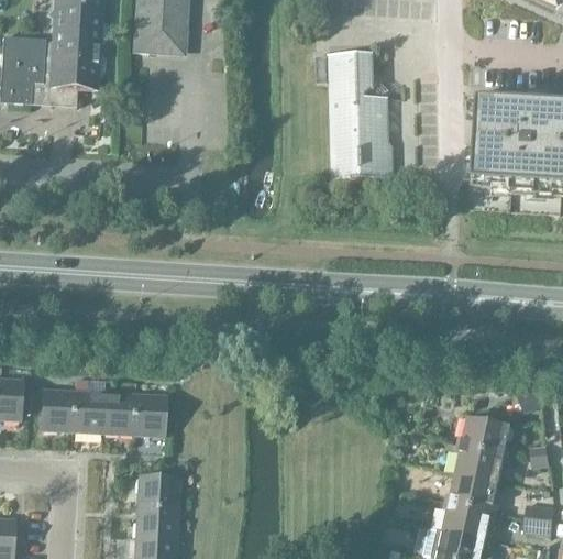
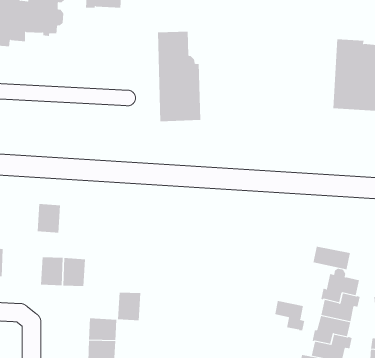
building: [329,53,389,177] -> [157,31,201,122]
building: none -> [313,246,350,270]
building: [42,390,75,430] -> [37,203,61,233]
building: [133,395,166,435] -> [117,292,141,321]
building: none -> [275,300,305,331]

